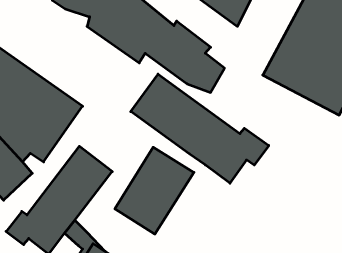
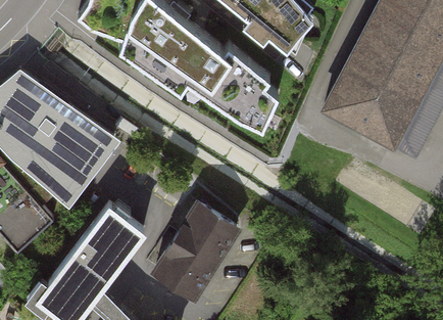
building: [131,74,269,183] -> none

